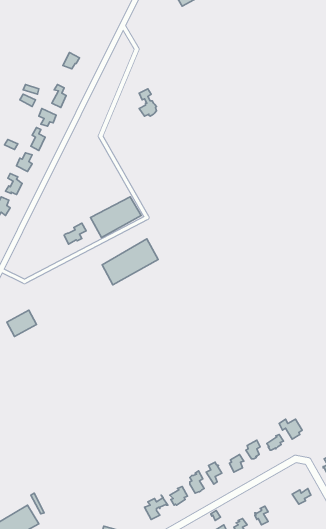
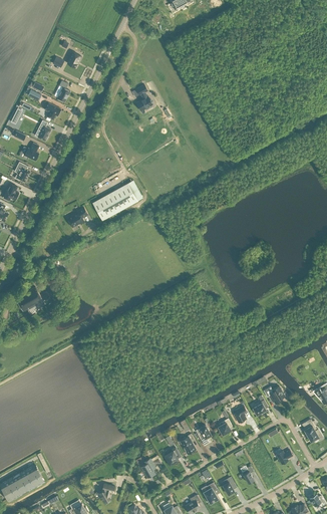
building: [102,239,158,285] -> none

